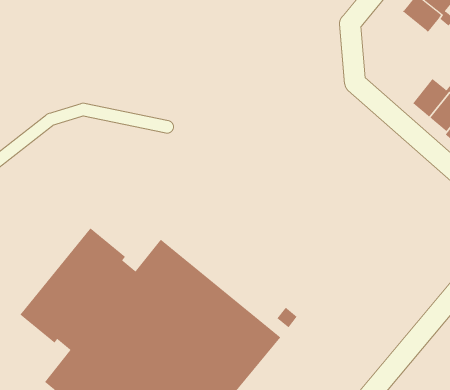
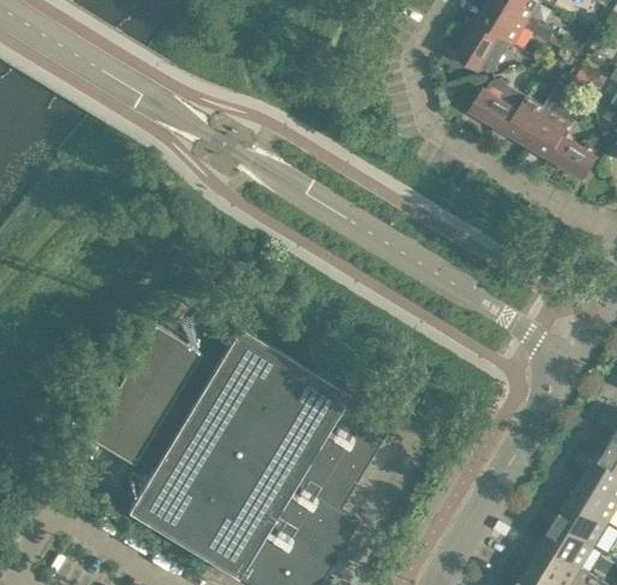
building: none -> [456,24,510,75]
building: none -> [472,82,525,134]

